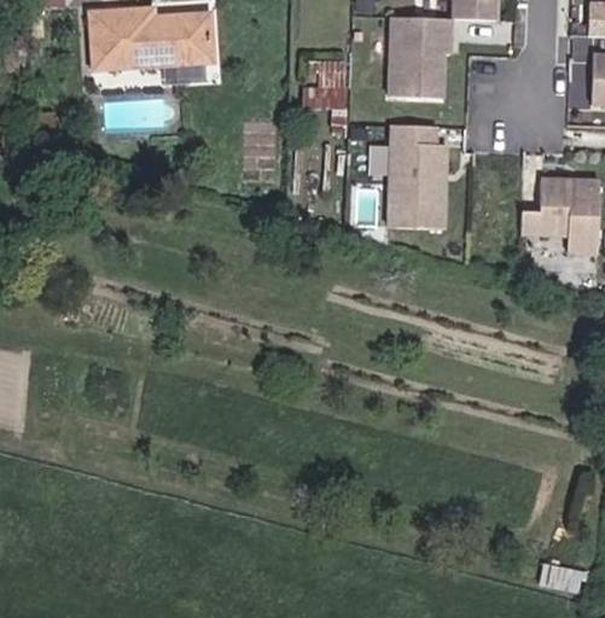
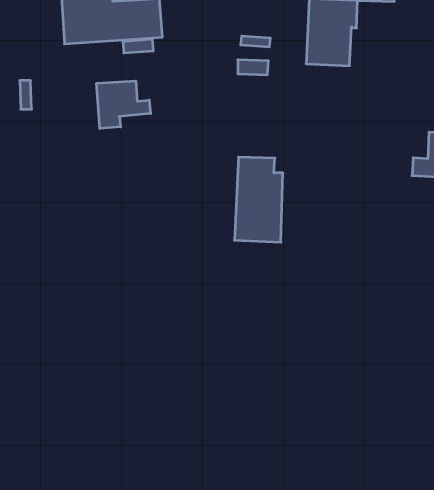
building: none -> [97,81,151,129]
building: [386,124,446,228] -> [234,157,283,242]

